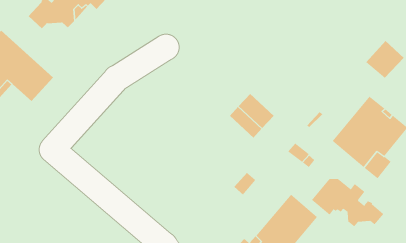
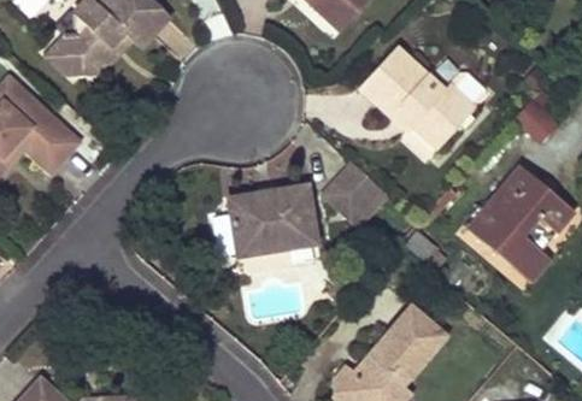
building: none -> [359,46,476,148]
building: none -> [229,187,316,256]
building: [311,178,384,227] -> none

